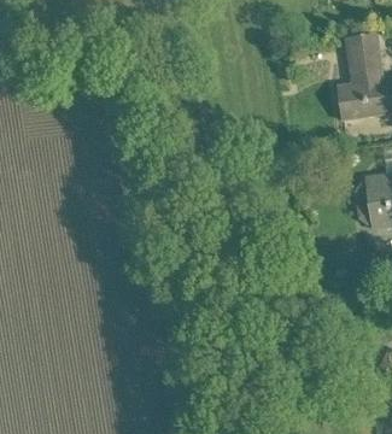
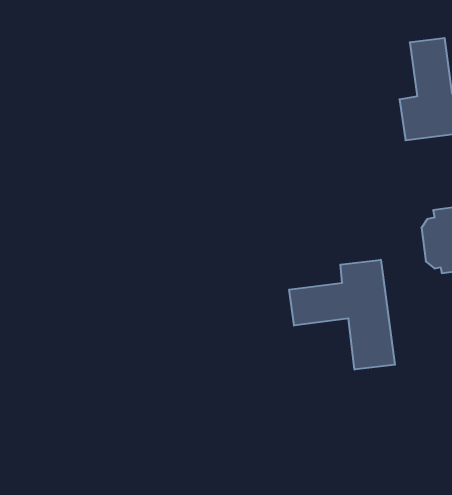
building: none -> [289,260,395,370]

